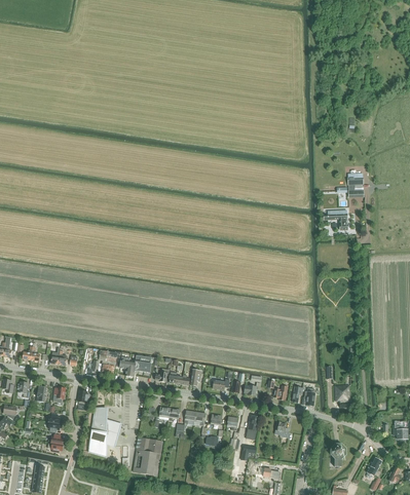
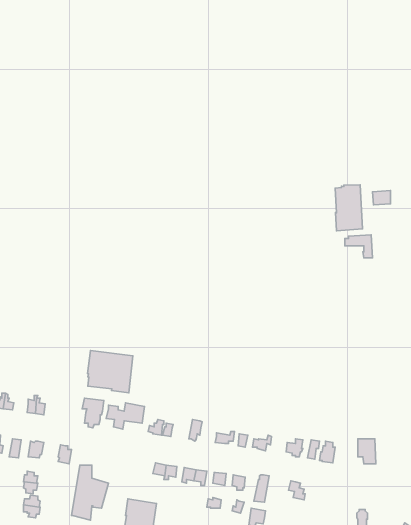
building: none -> [335,185,362,231]
building: none -> [87,350,133,393]

